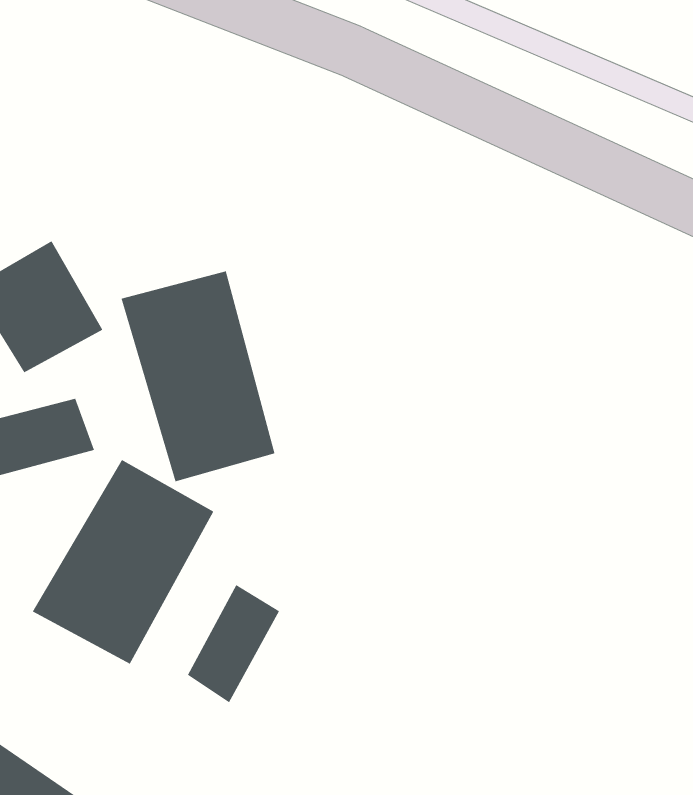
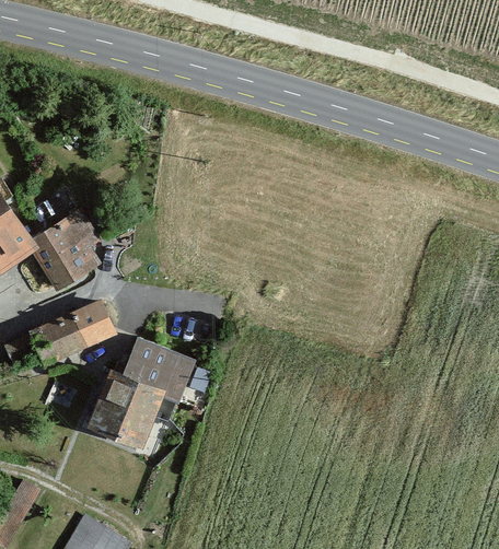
building: [121,271,275,482] -> none
building: [187,584,280,703] -> none

